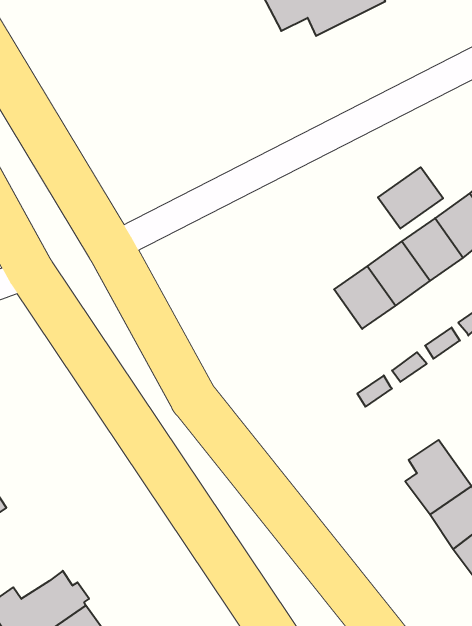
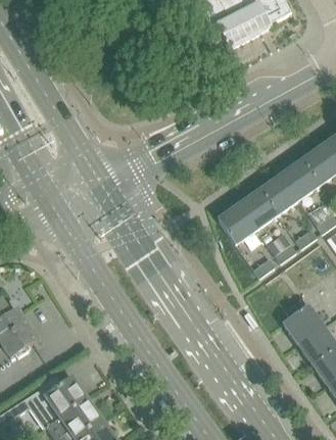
building: [378,167,443,229] -> none
building: none -> [218,204,256,244]

